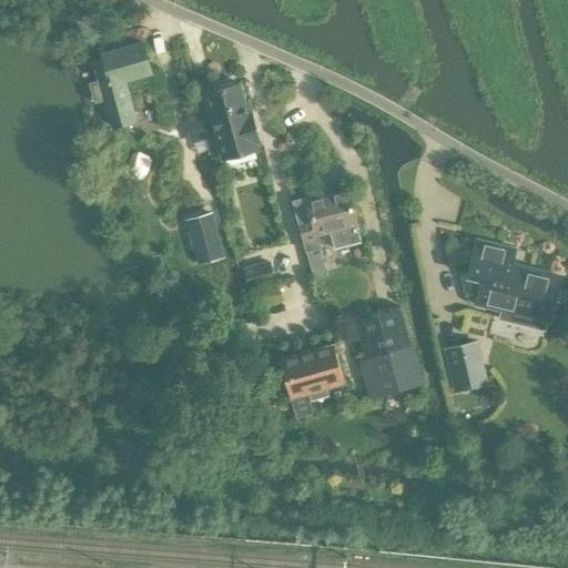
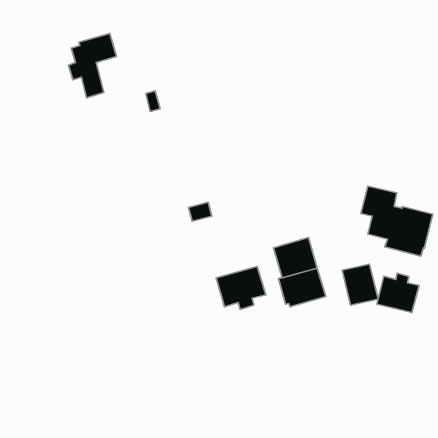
building: [205,82,260,159] -> none
building: [295,190,361,280] -> none
building: [187,214,223,263] -> none
building: none -> [377,273,419,312]

